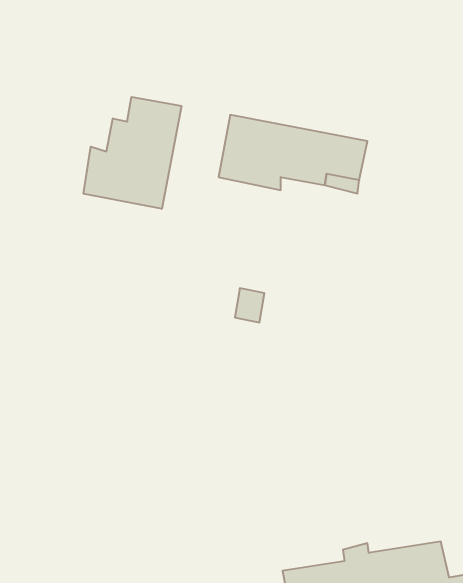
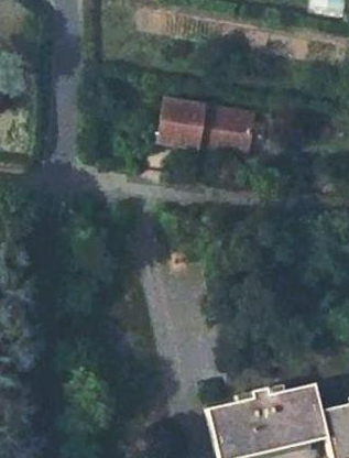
building: [83,97,181,209] -> none

